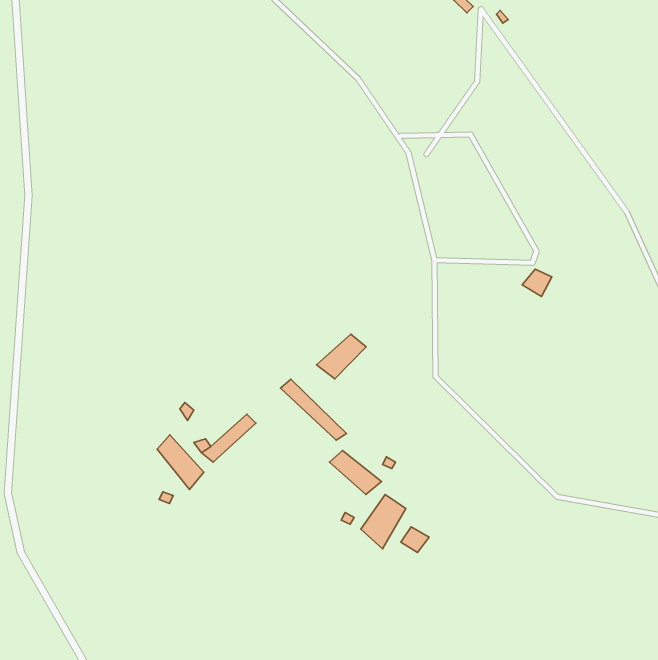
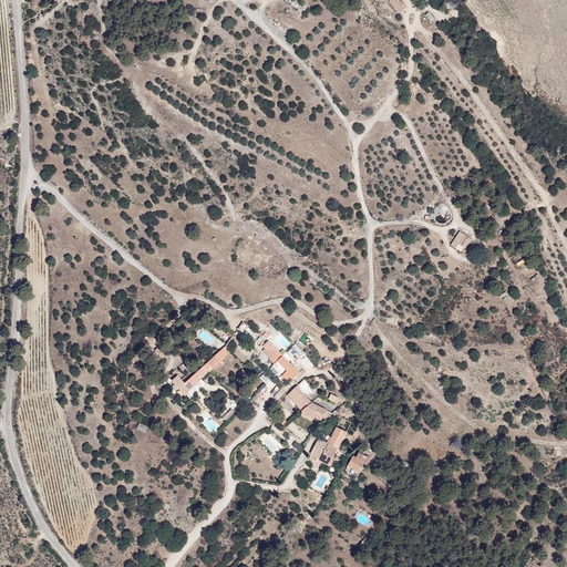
building: [316,334,366,379] -> none
building: [157,435,204,489] -> none

